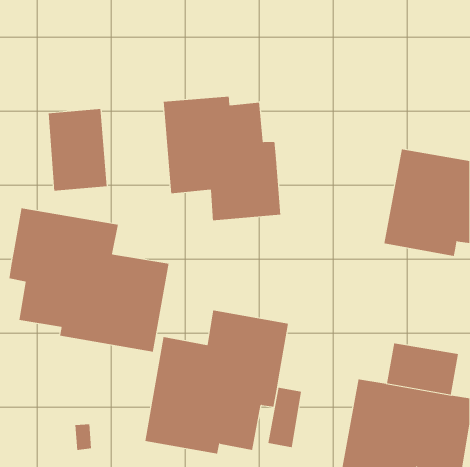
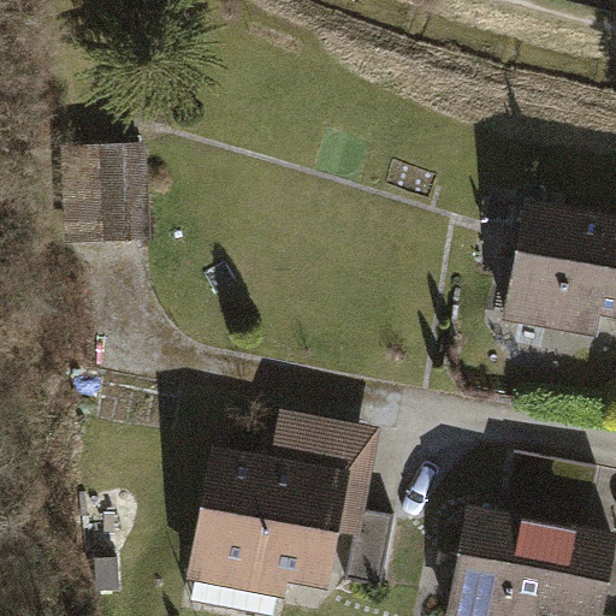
building: [163,96,281,221] -> none
building: [9,207,169,353] -> none

